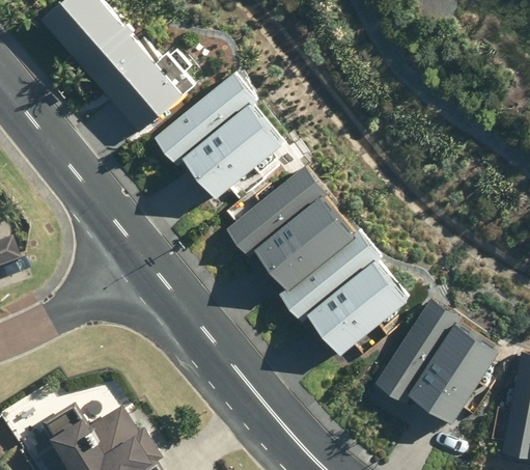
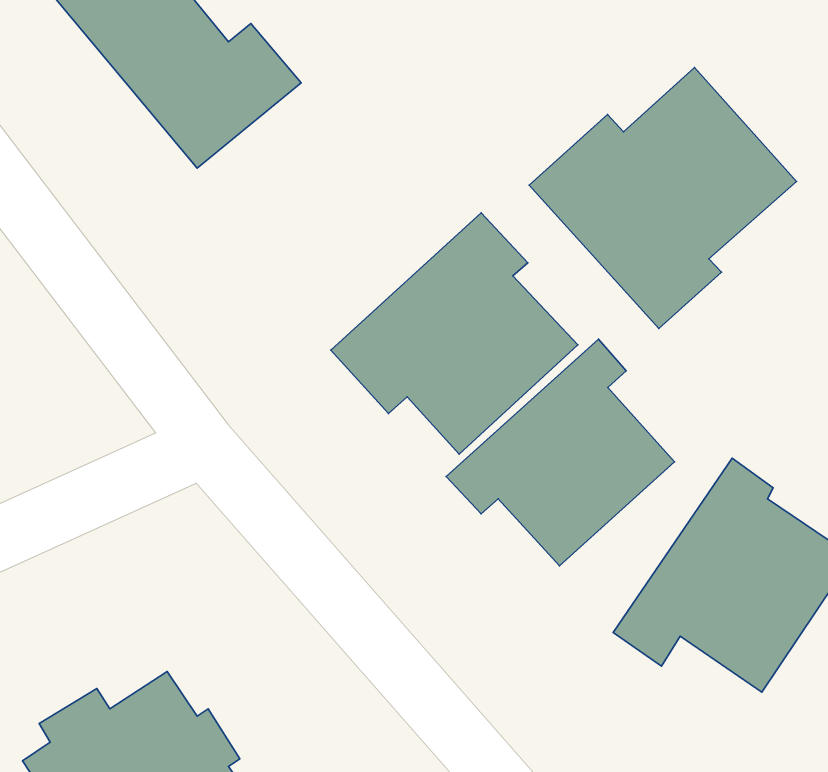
building: [148,74,282,203] -> none
building: none -> [529,67,796,329]

